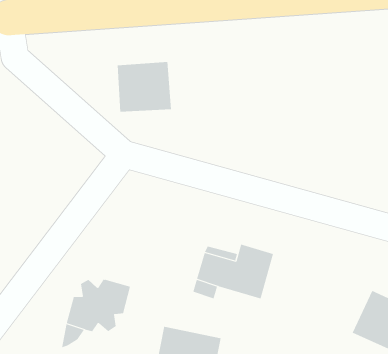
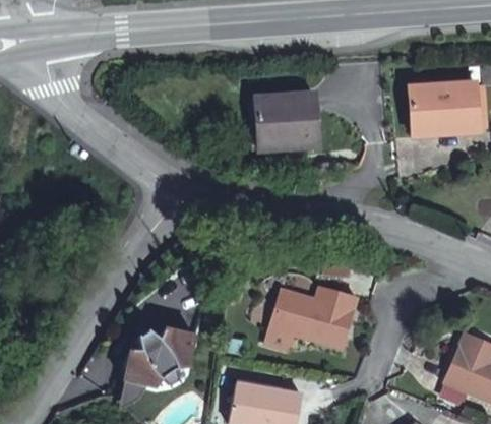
building: none -> [411,80,480,133]
building: [117,61,172,112] -> [255,90,317,147]

